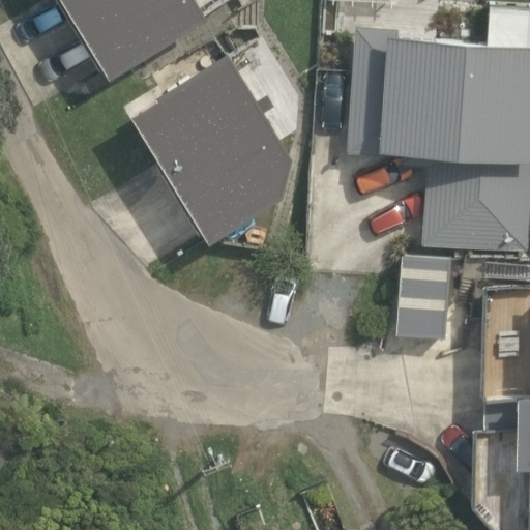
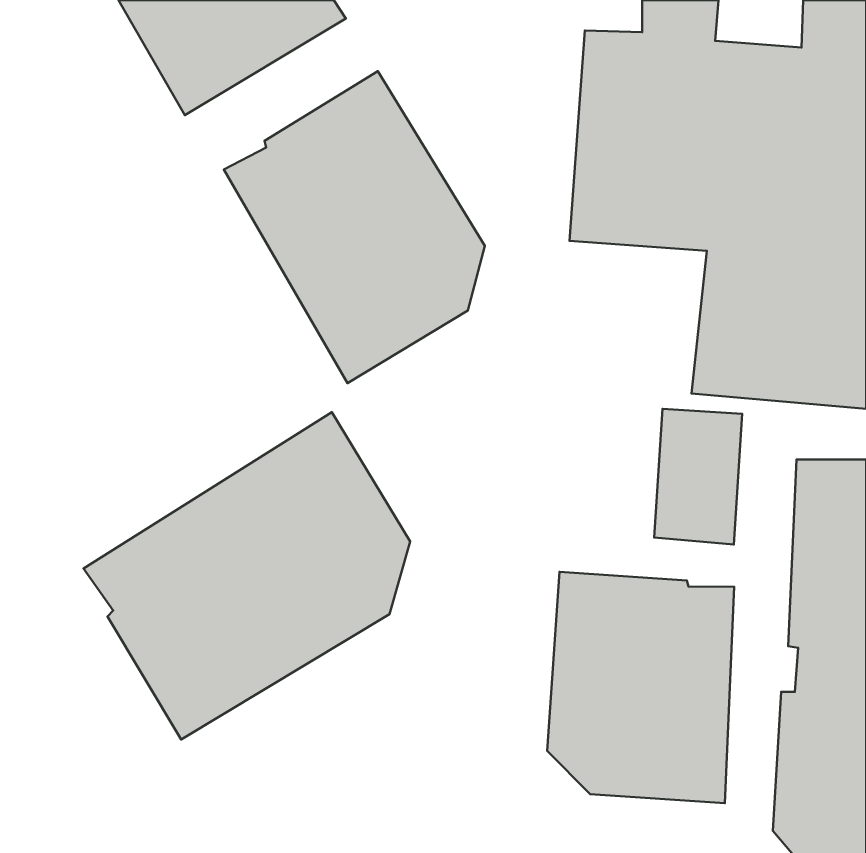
building: none -> [83,412,410,739]
building: none -> [547,572,734,803]

